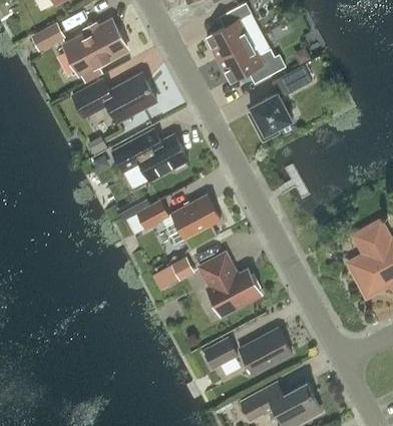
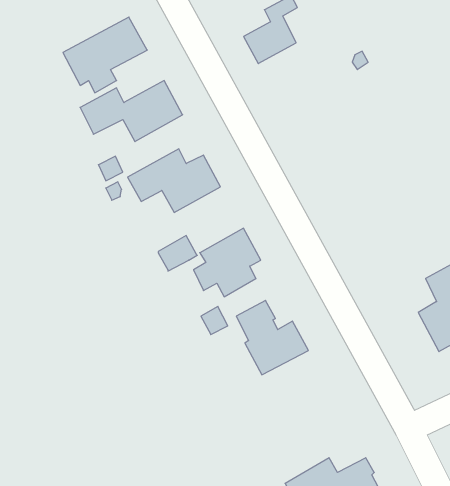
building: [32,24,66,52] -> none
building: [219,42,286,81] -> none
building: [248,65,312,141] -> none
building: [239,328,292,375] -> none
building: [204,338,238,370] -> none

